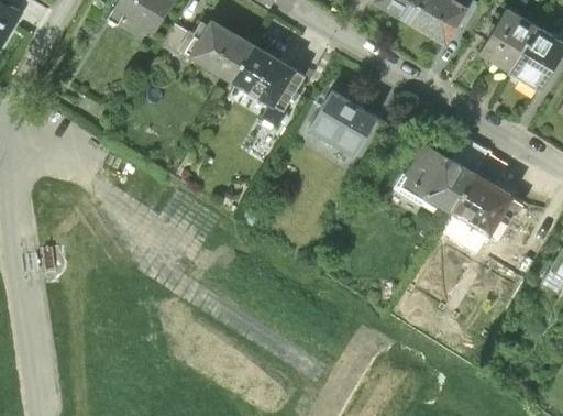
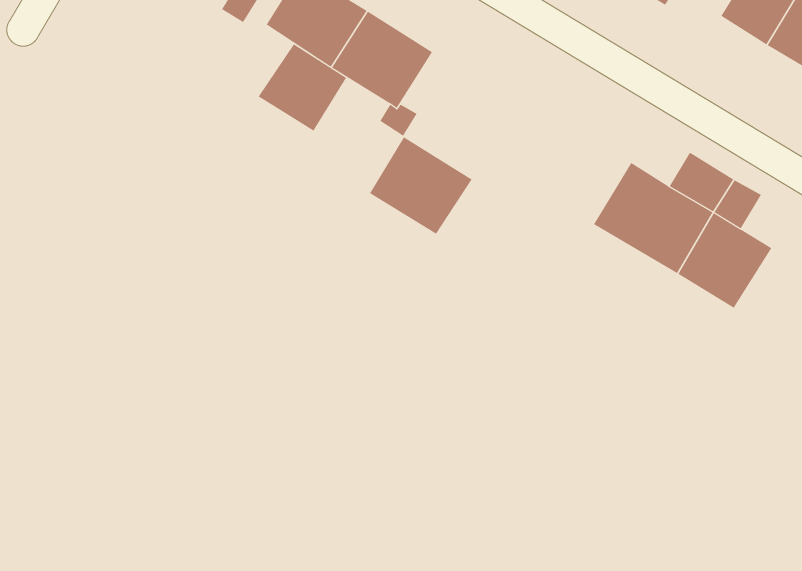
building: none -> [258,43,347,132]
building: [308,92,374,155] -> [369,136,473,234]

